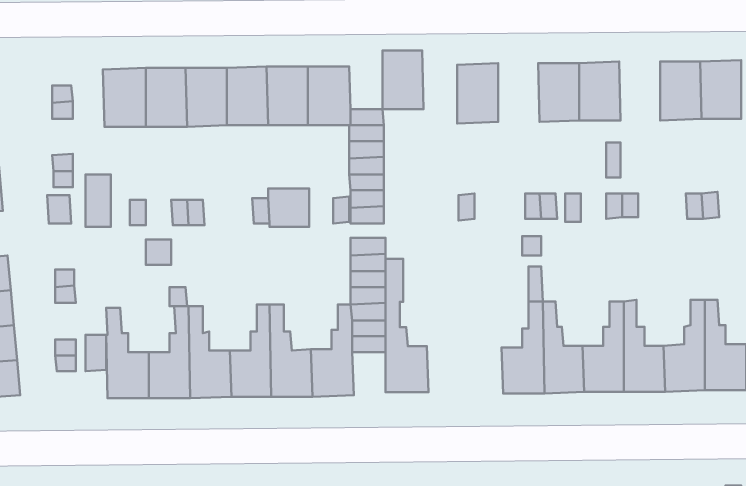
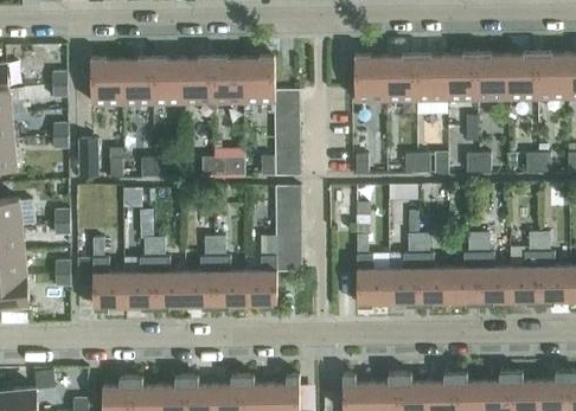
building: [382,51,424,109] -> [385,56,416,99]
building: none -> [475,54,506,98]
building: [386,259,428,392] -> [357,203,389,302]

